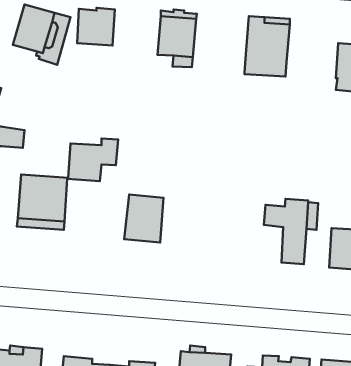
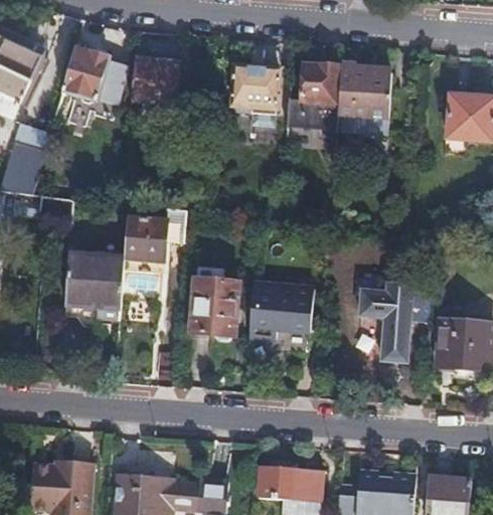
building: none -> [286,65,339,131]
building: none -> [250,283,313,338]

